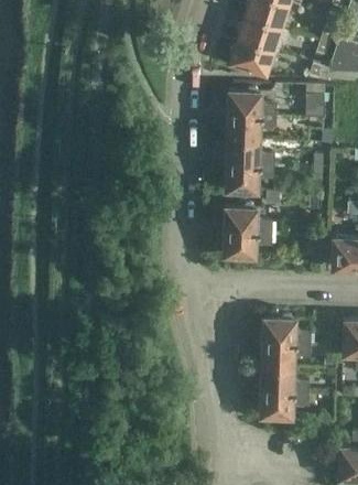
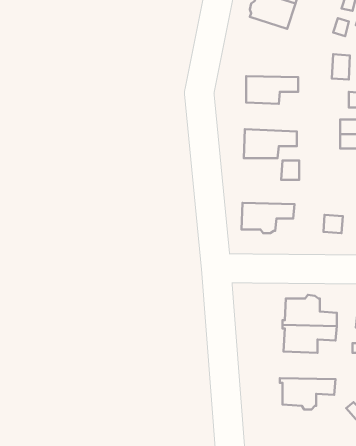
building: [228,88,276,116] -> none
building: [227,139,275,165] -> none
building: [225,204,272,231] -> none
building: [259,366,310,391] -> none

